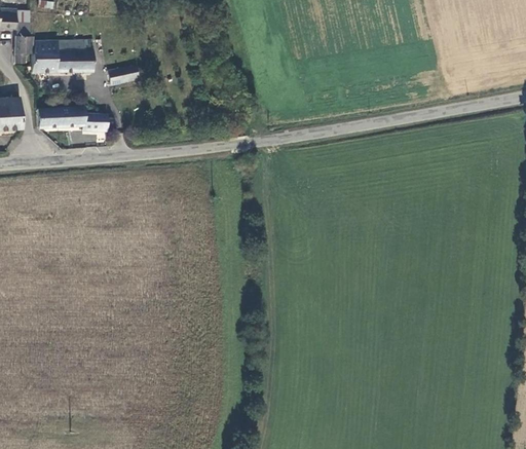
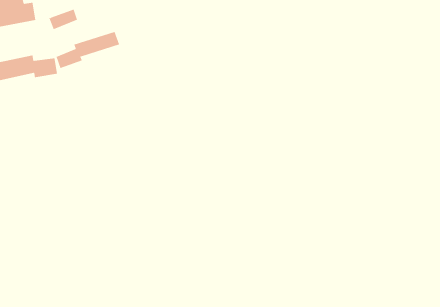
building: none -> [56,31,120,69]

